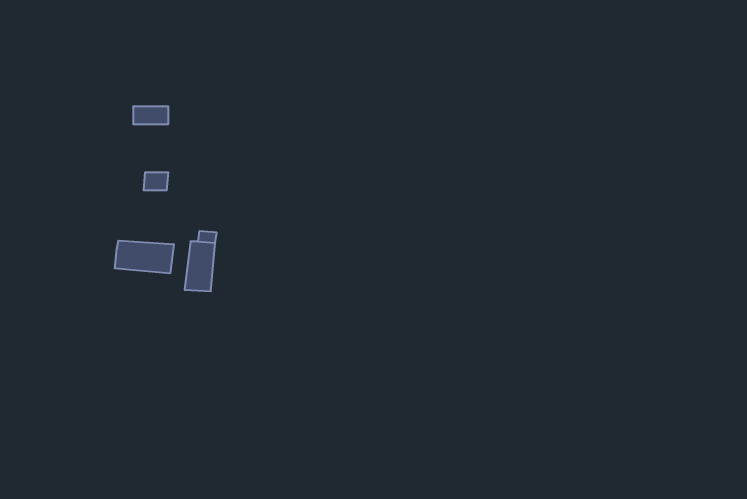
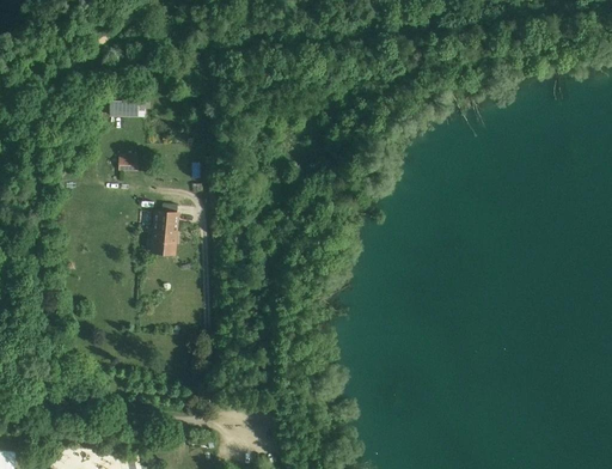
building: [115,241,174,273] -> none

